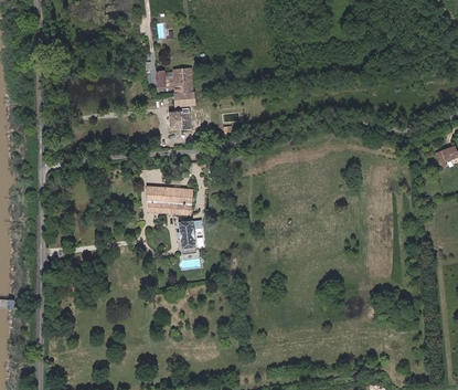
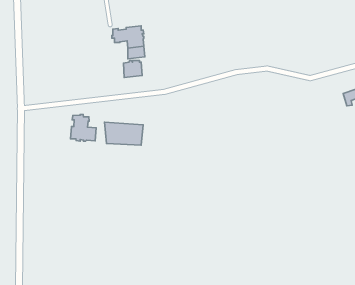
building: none -> [71,115,96,141]
building: [178,220,202,254] -> none

